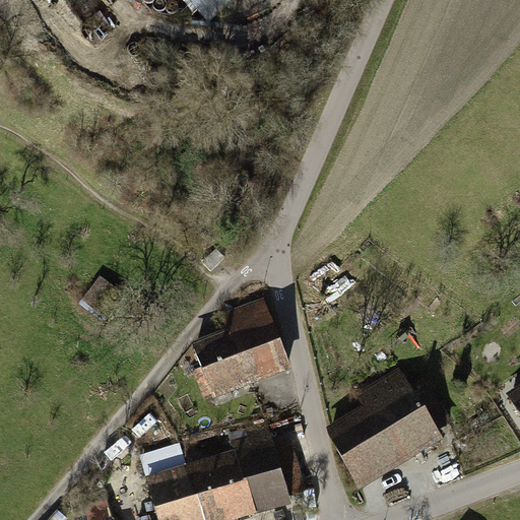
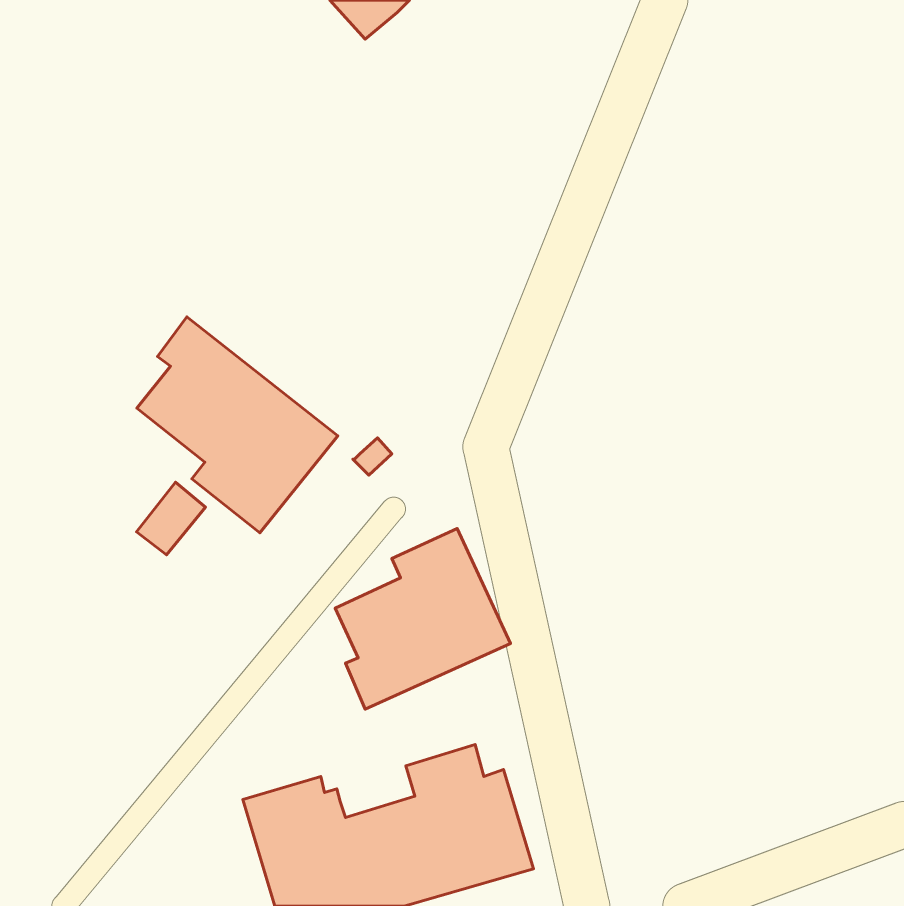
building: none -> [137,317,338,533]
building: [328,371,441,488] -> none

